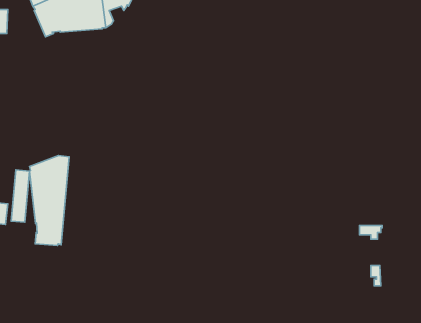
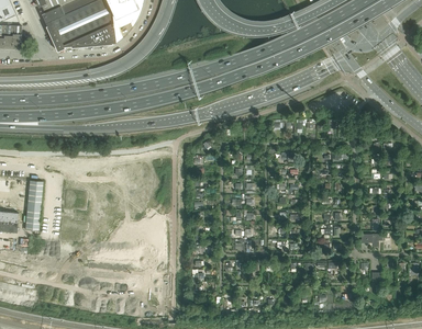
building: [29,155,69,246] -> none

